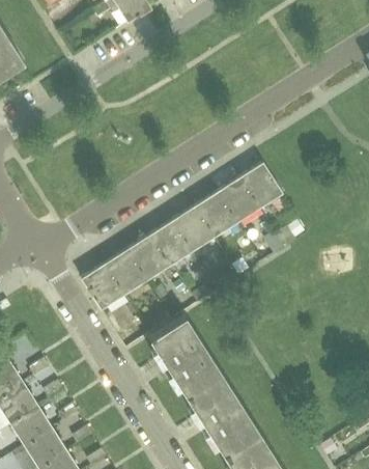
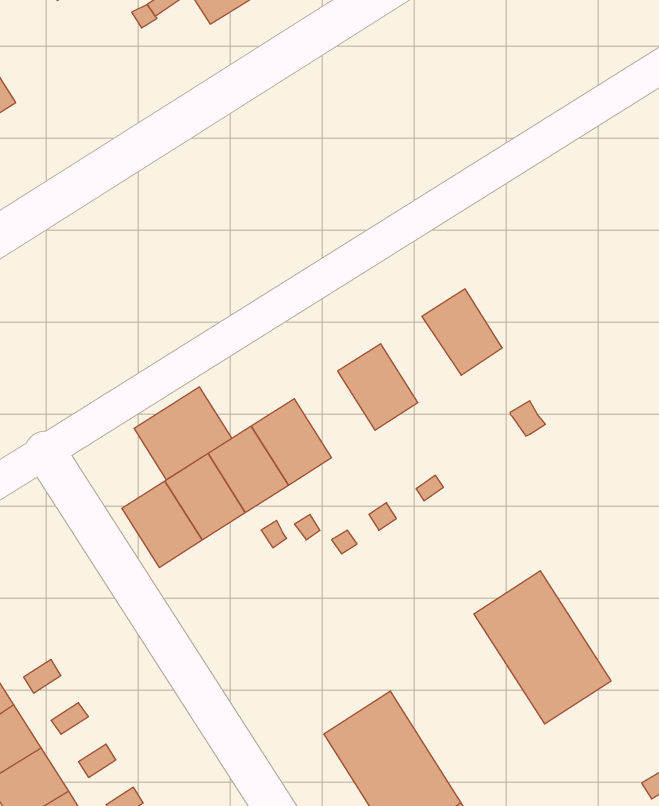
building: [217,177,259,223] -> none
building: [171,206,214,252] -> none
building: none -> [134,387,232,480]
building: [149,318,222,398] -> [474,571,611,724]

